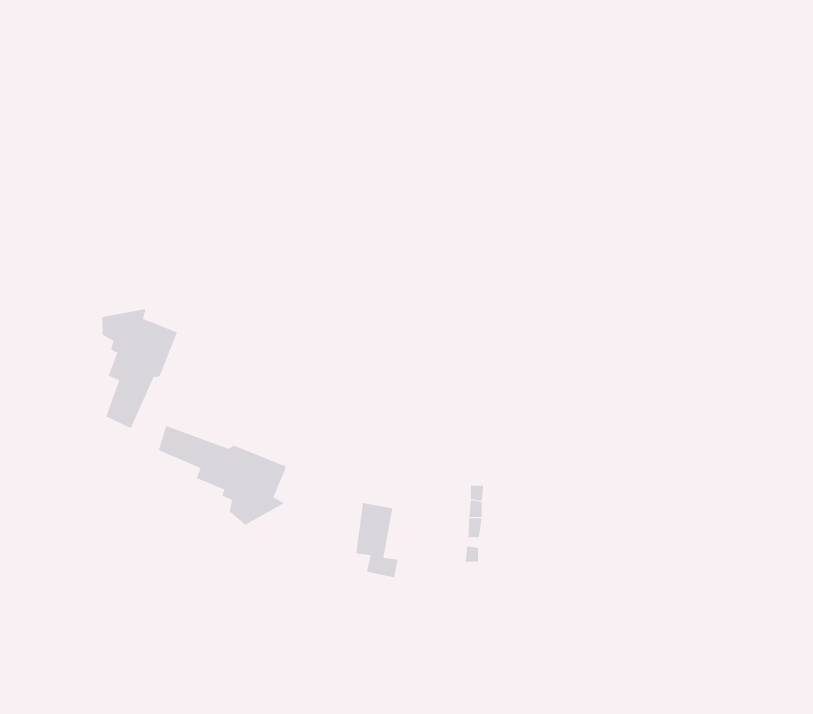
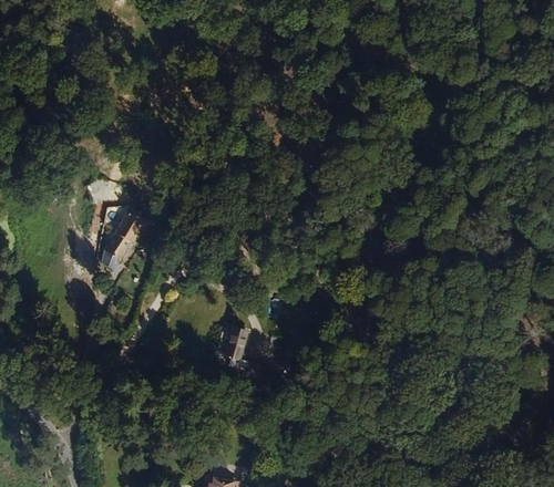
building: [158,425,287,526] -> none

